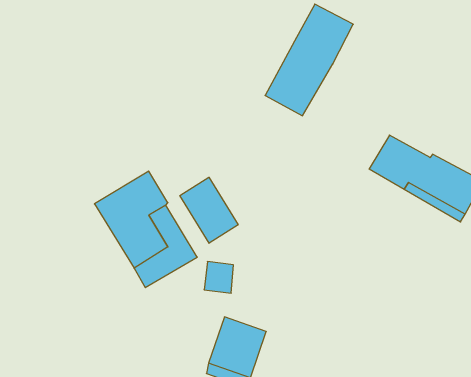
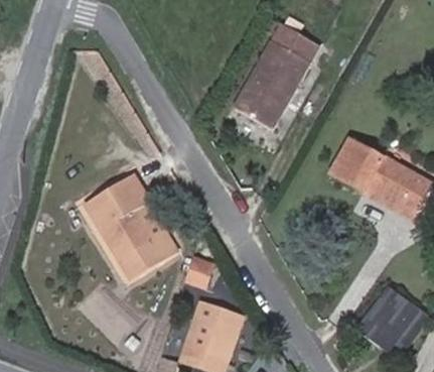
building: [180,177,238,243] -> none
building: none -> [357,289,416,351]

